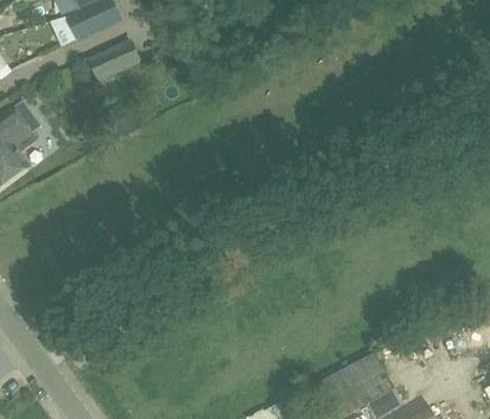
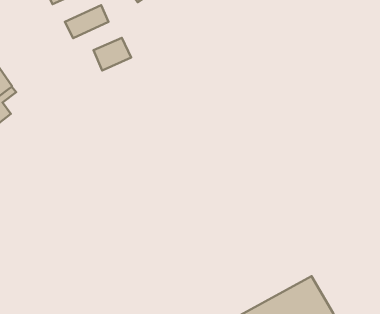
building: none -> [93,38,131,71]

